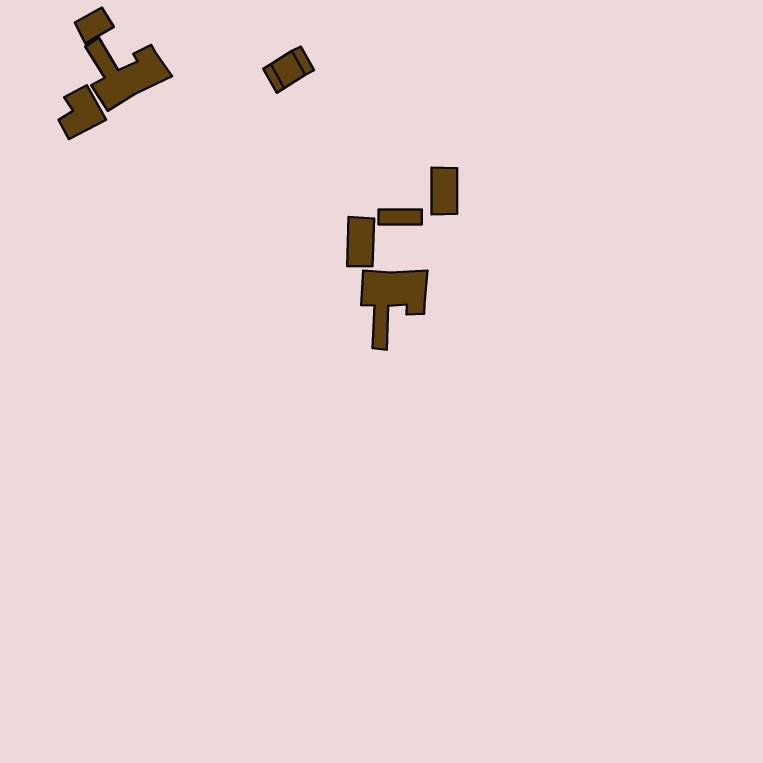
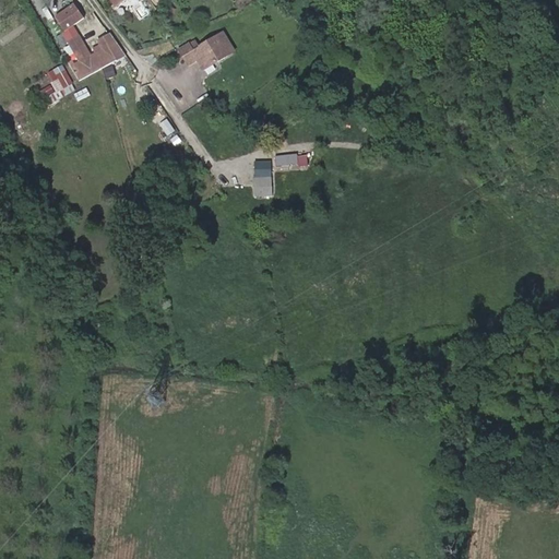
building: [432,167,457,214] -> none
building: [361,270,427,350] -> none

